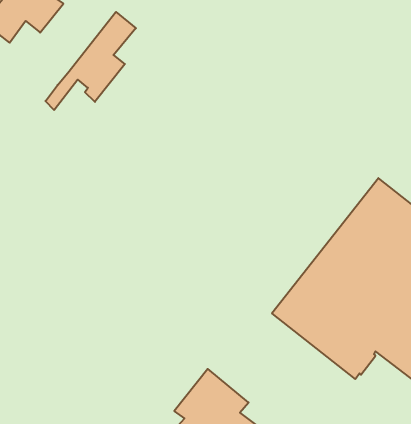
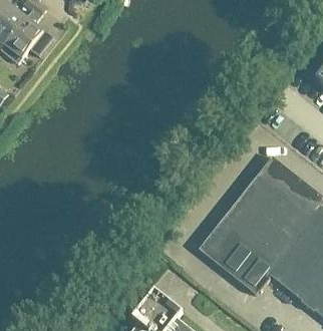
building: [45,12,136,110] -> none

